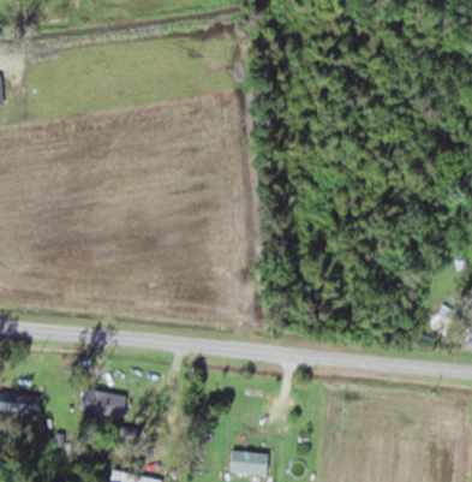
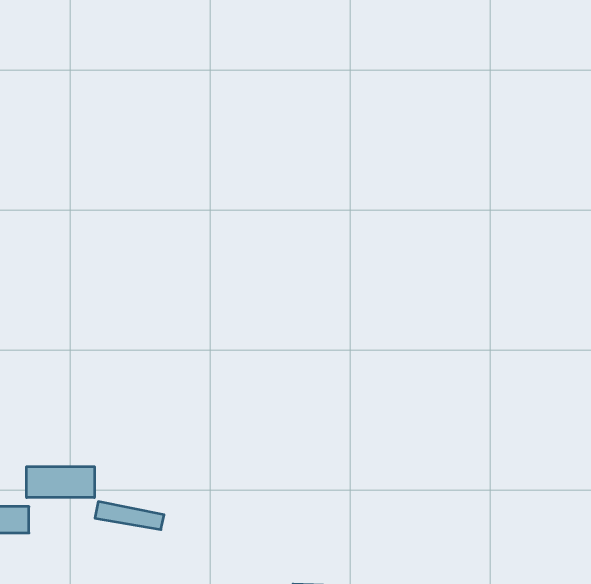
building: none -> [27,467,94,498]

